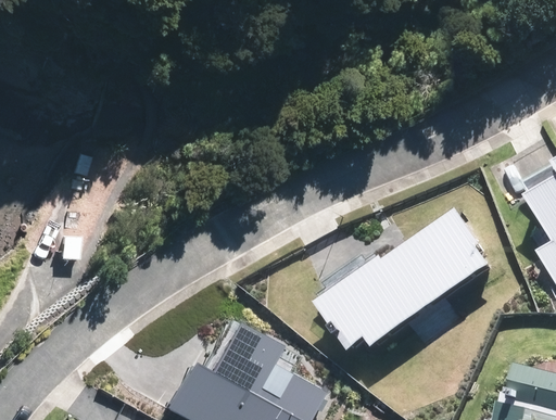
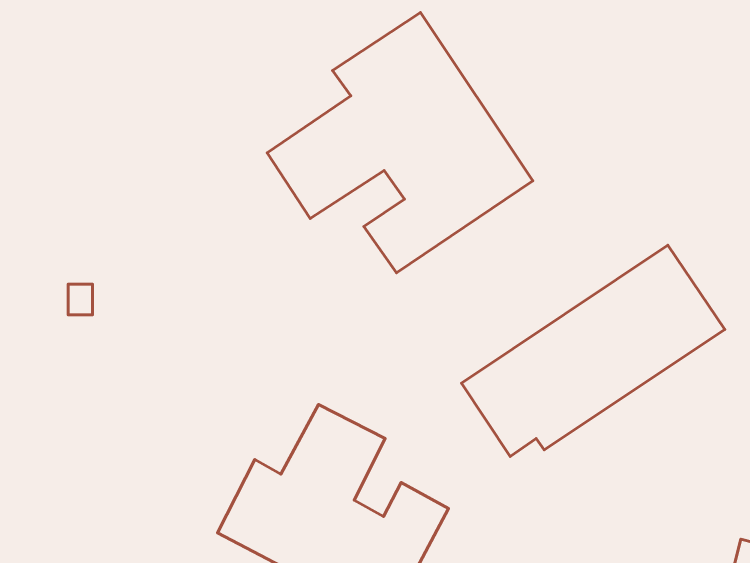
building: none -> [267,13,533,273]

